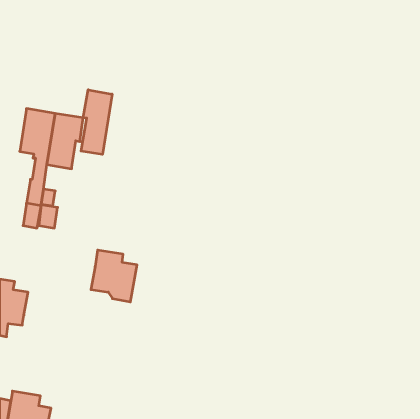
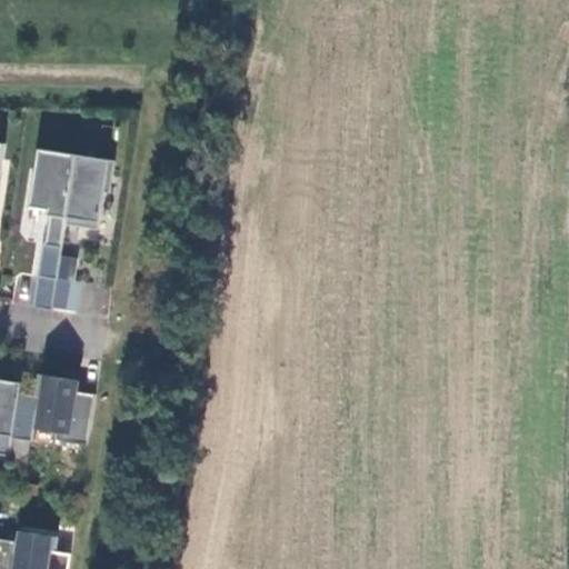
building: [81,90,112,154] -> none
building: [91,250,137,302] -> [32,375,94,445]

